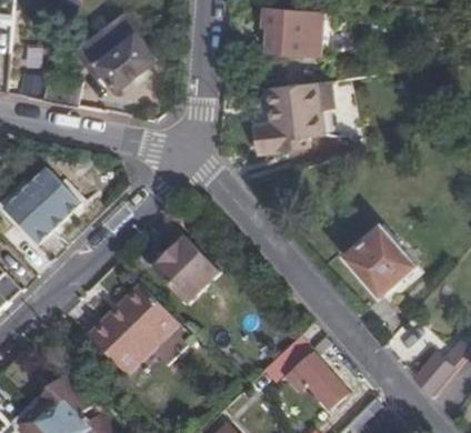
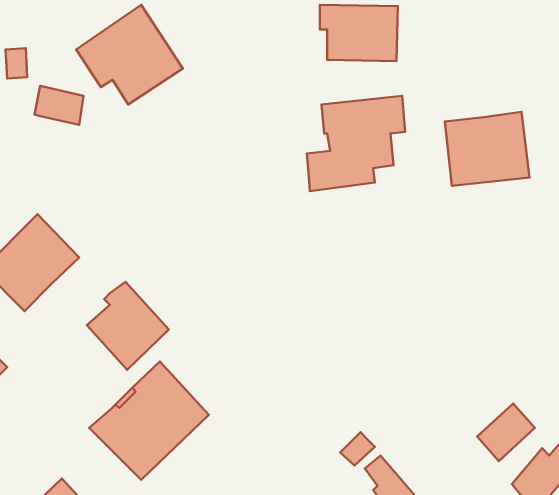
building: none -> [445,112,530,186]
building: [343,226,415,299] -> none
building: [160,233,223,301] -> [87,282,169,370]

